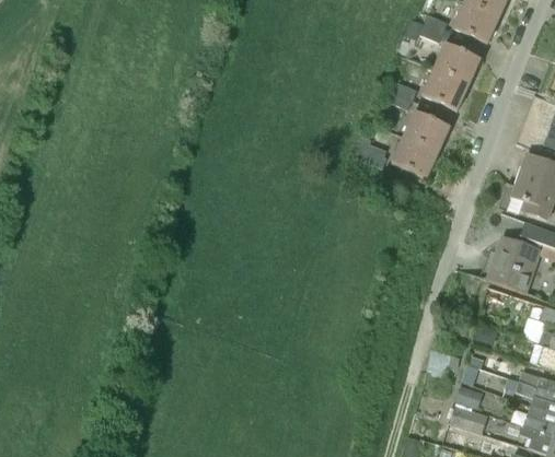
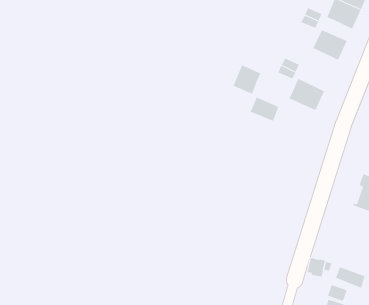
building: [421,69,469,110] -> none
building: none -> [233,65,261,94]
building: [391,137,438,178] -> none

